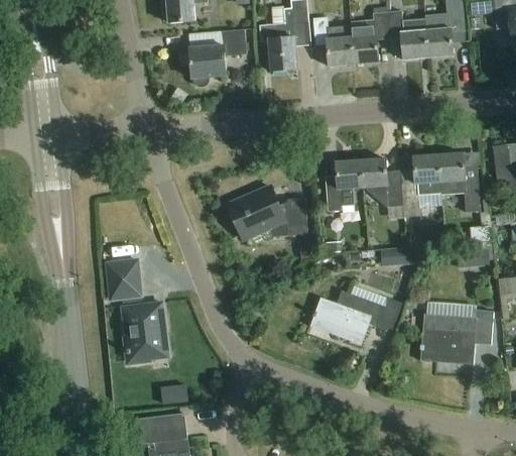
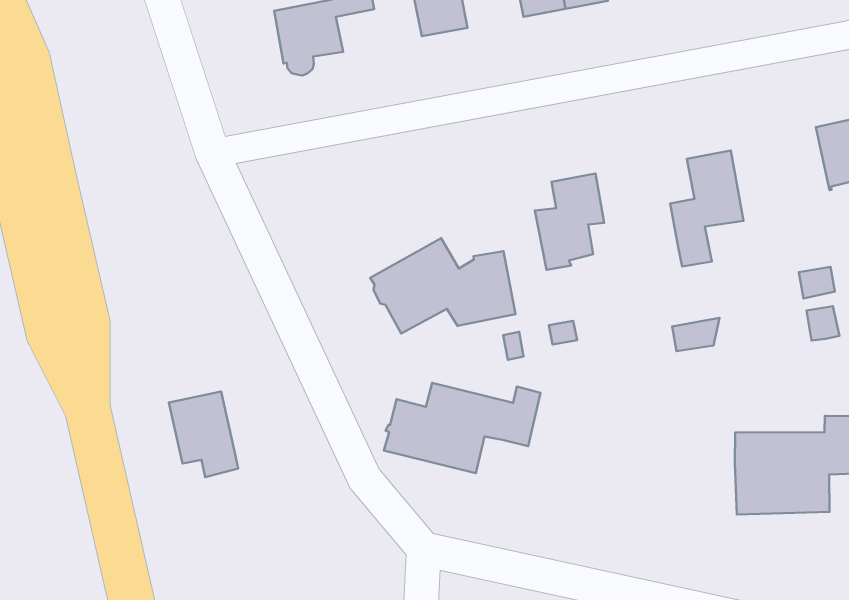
building: [438,151,479,212] -> none
building: [361,157,403,206] -> none
building: [310,290,402,343] -> [384,383,541,473]
building: [123,302,167,362] -> none

